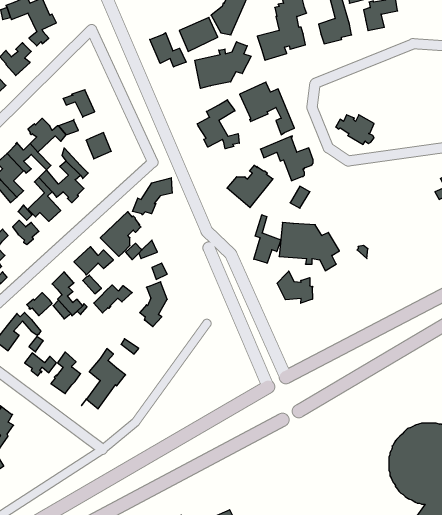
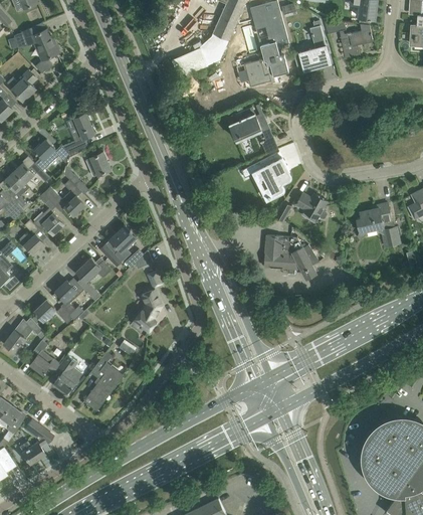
building: [150,33,186,67] -> none
building: [195,42,251,88] -> none
building: [197,100,239,149] -> none
building: [336,115,374,144] -> [291,193,327,220]
building: [227,165,273,208] -> none
building: [132,178,172,215] -> none
building: none -> [356,203,399,247]
building: [254,215,281,263] -> none
building: [277,271,313,303] -> none
building: [94,285,132,313] -> none
building: none -> [18,420,52,464]

